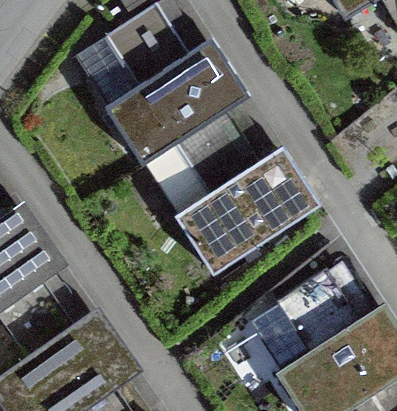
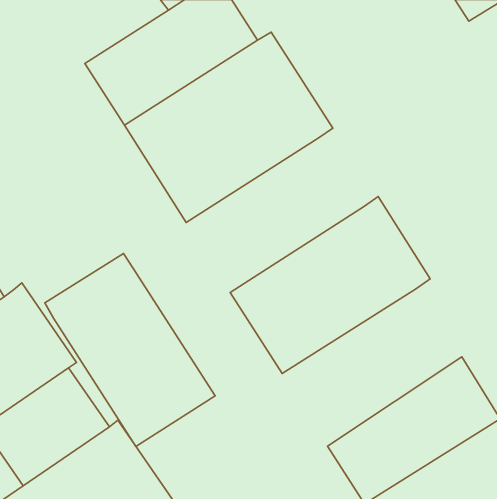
building: [143,107,273,220] -> none
building: none -> [45,253,215,446]

